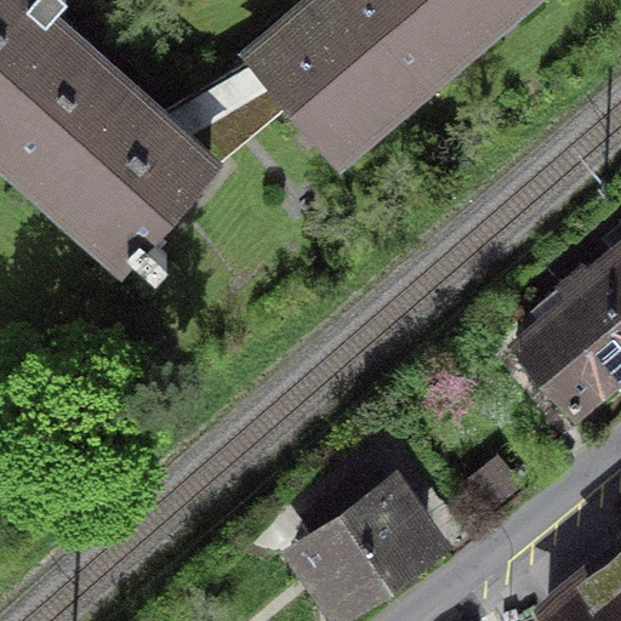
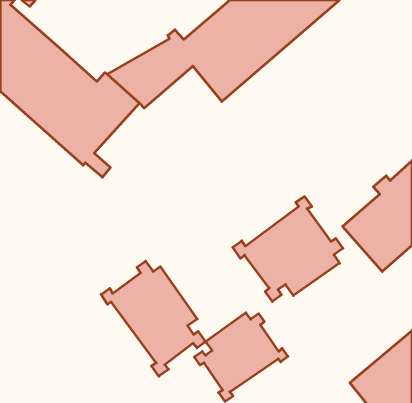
building: none -> [233,197,343,302]
building: none -> [101,261,206,376]

